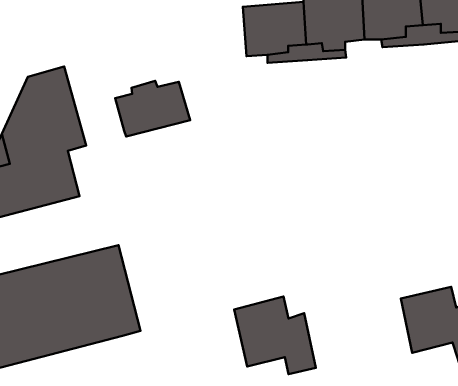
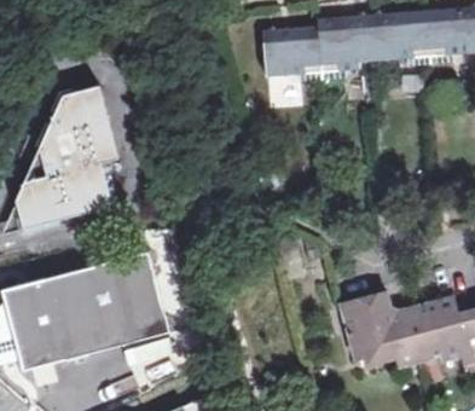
building: [115,81,190,136] -> none
building: [234,296,316,374] -> [344,288,421,360]

